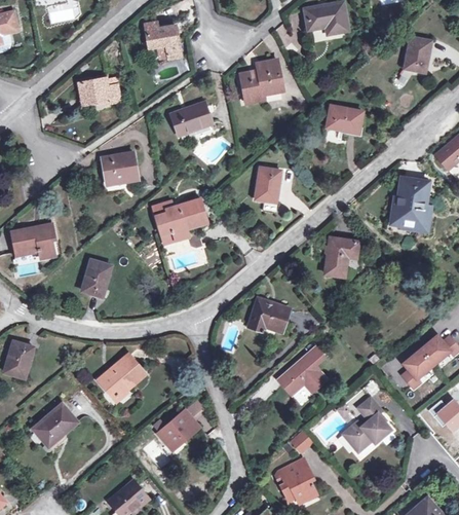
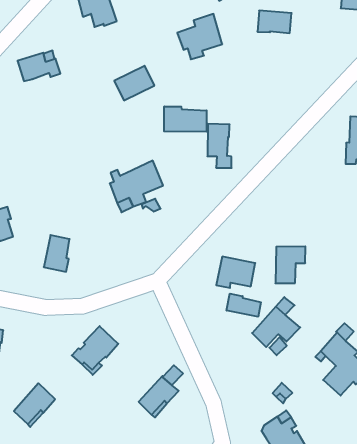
building: [327,105,362,131] -> [257,11,292,33]
building: none -> [164,106,207,132]
building: [102,151,138,183] -> none
building: [324,237,358,275] -> [275,246,305,283]
building: none -> [227,294,261,317]

